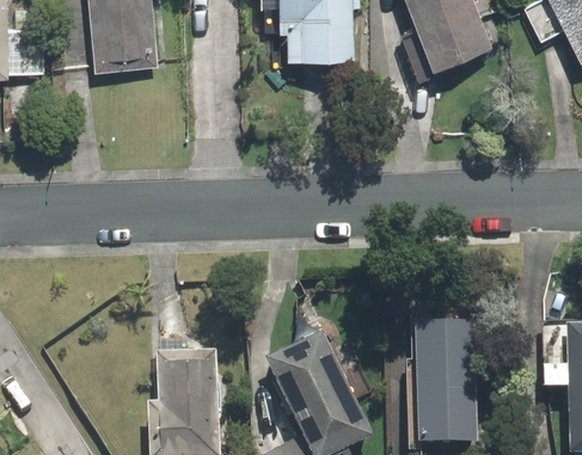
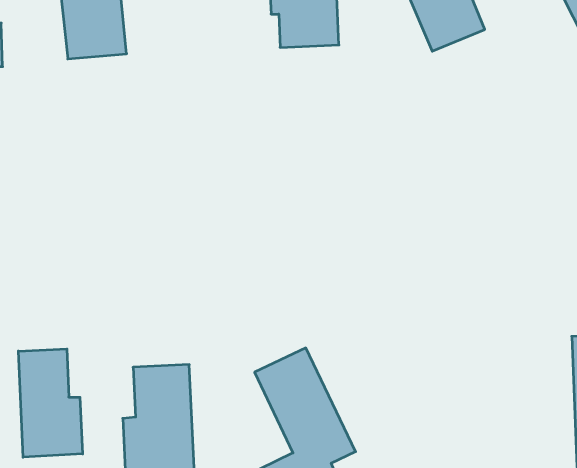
building: [416,321,473,439] -> none
building: none -> [18,349,83,457]

